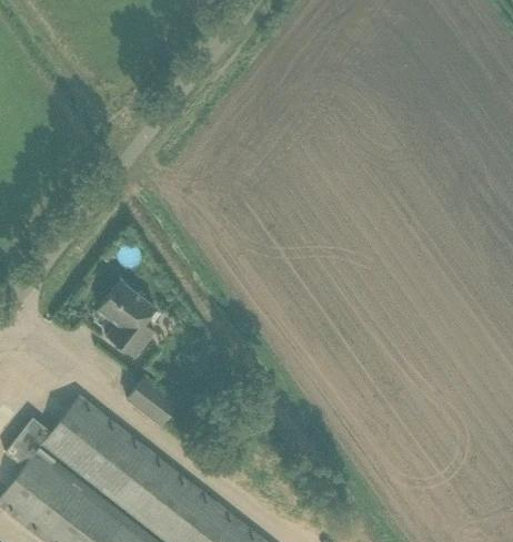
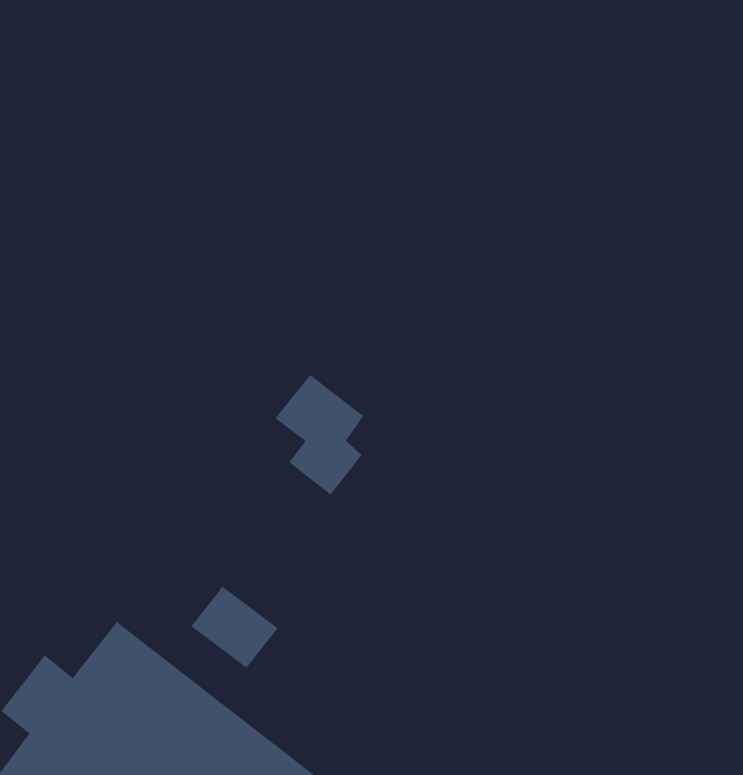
building: [99,282,155,358] -> [275,374,364,495]

